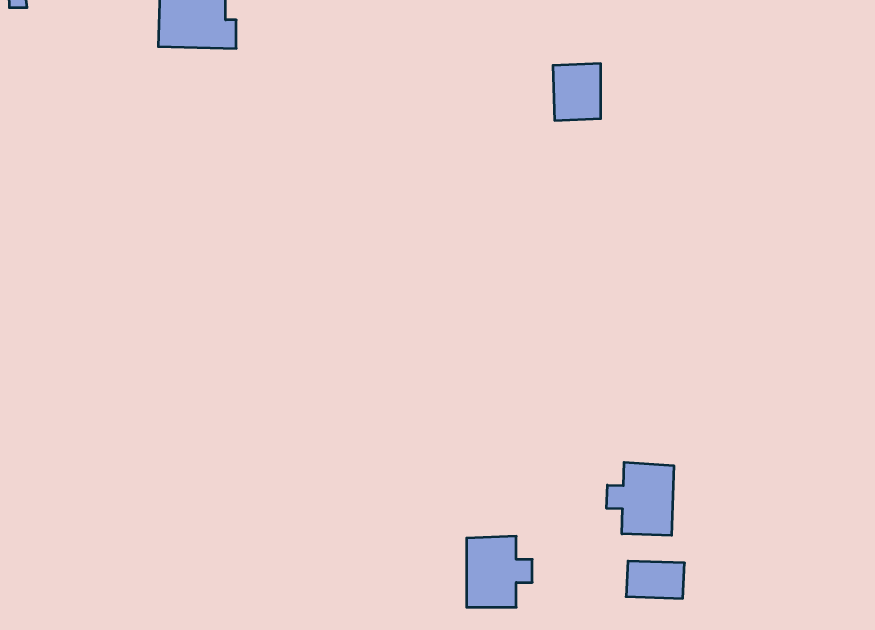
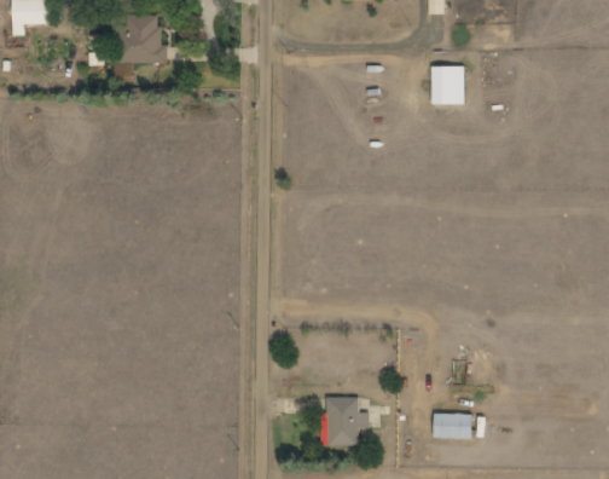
building: [553,64,601,120] -> [431,65,464,104]
building: [607,462,674,535] -> none

